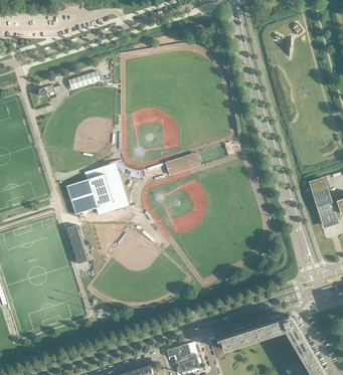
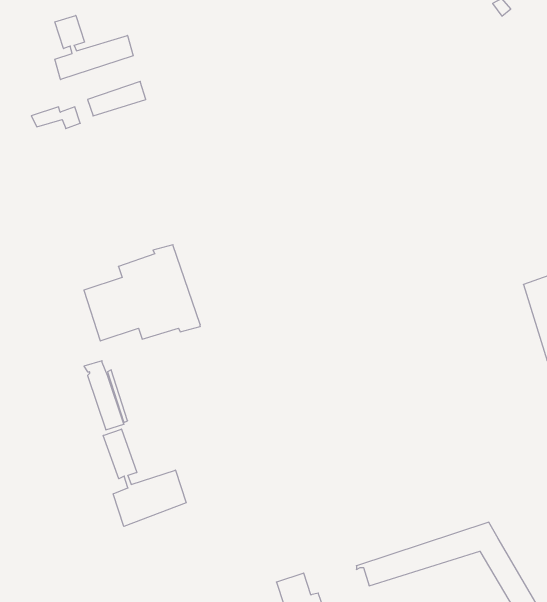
building: none -> [55,15,133,80]
building: none -> [103,429,186,526]

